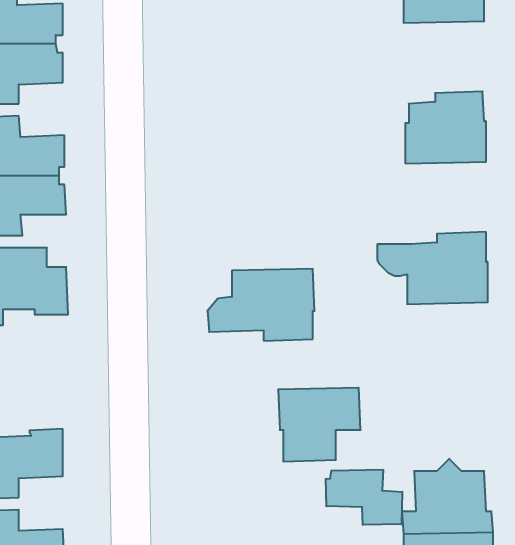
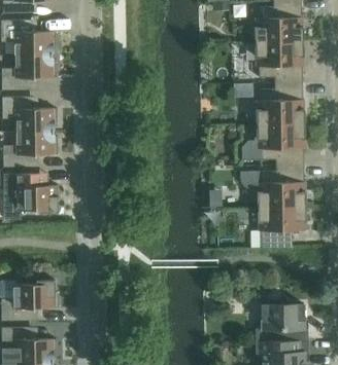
building: none -> [256,41,303,83]
building: [207,269,315,341] -> [242,123,305,166]
building: [278,388,361,462] -> [258,206,306,249]
building: [326,470,402,525] -> none

